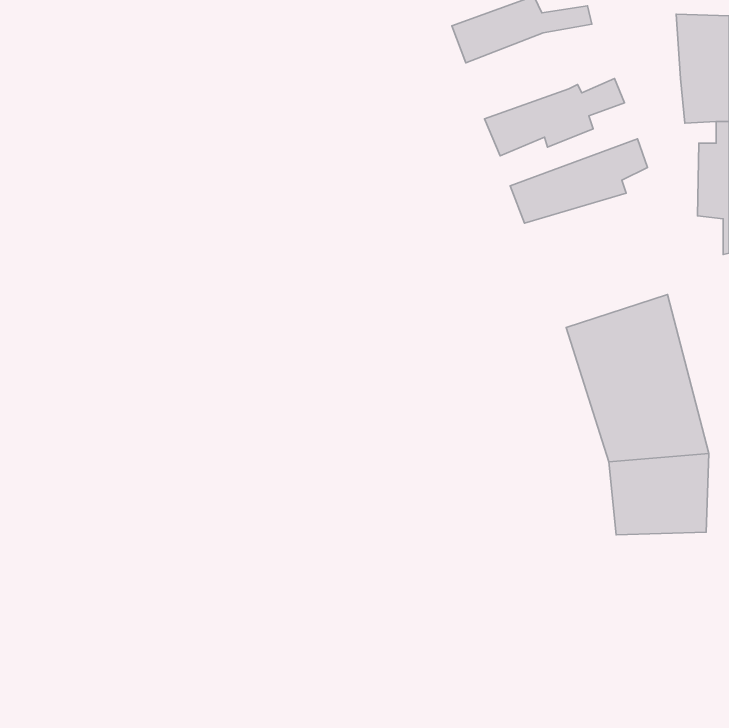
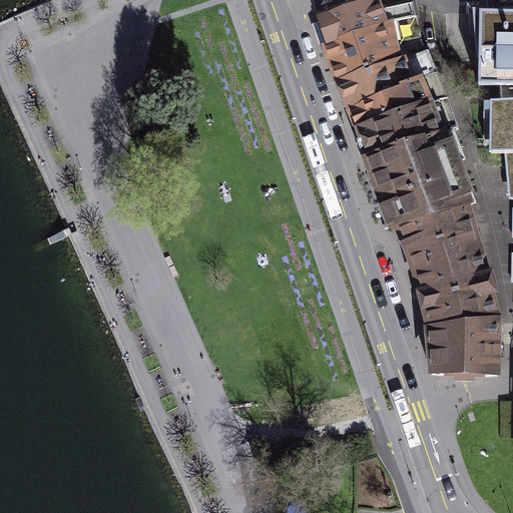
building: none -> [327,17,419,83]
building: none -> [351,72,447,130]
building: none -> [368,131,474,229]

